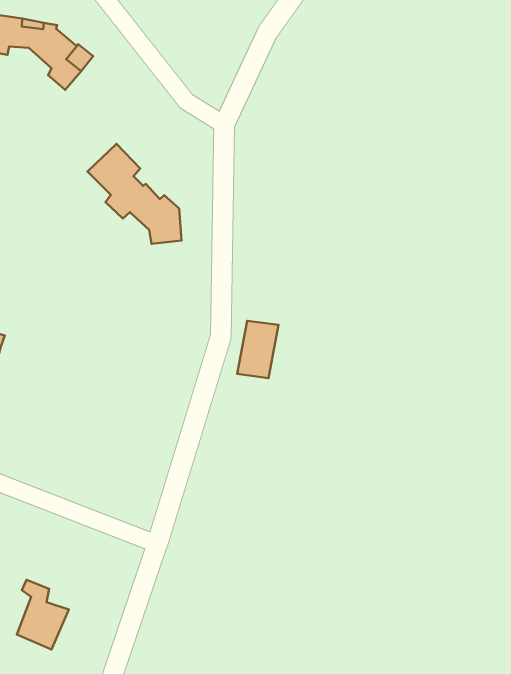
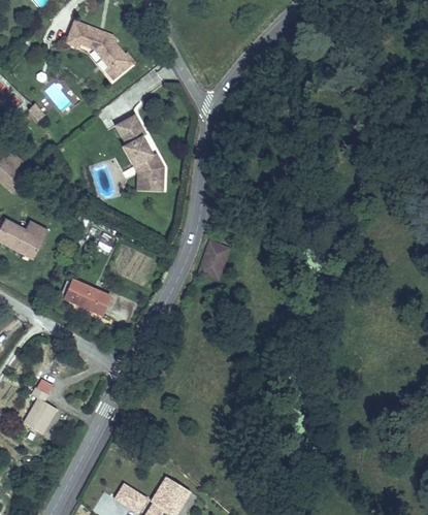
building: none -> [135,163,170,194]
building: none -> [63,278,113,319]

